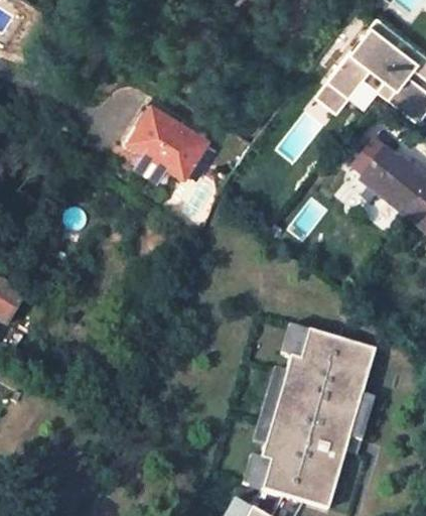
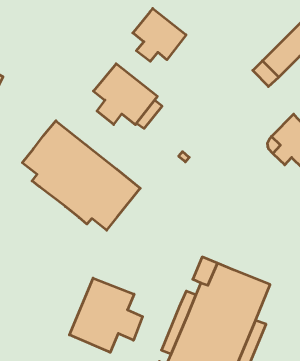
building: none -> [133,8,186,61]
building: none -> [22,121,140,230]
building: none -> [69,278,143,352]

